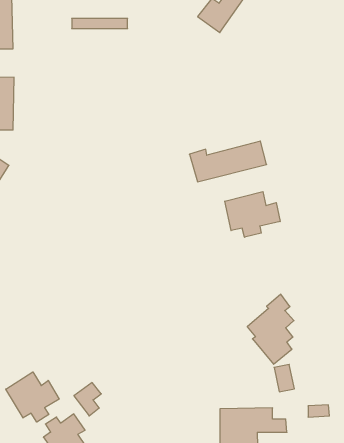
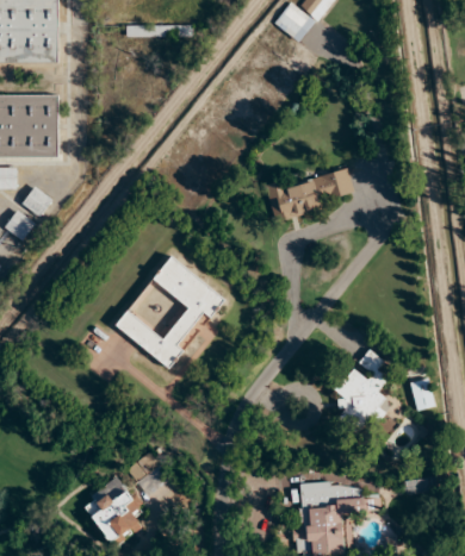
building: [225,192,280,237] -> none
building: none -> [116,255,223,367]
building: [274,364,294,392] -> [410,377,434,410]
building: [6,372,59,422] -> none

